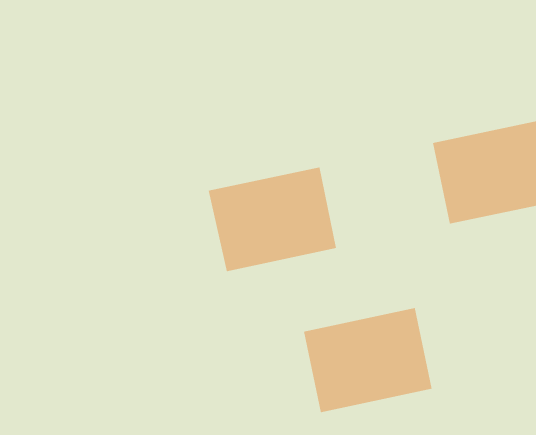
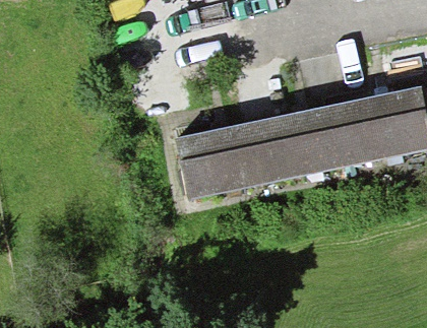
building: [303,308,432,413] -> [255,106,349,182]

